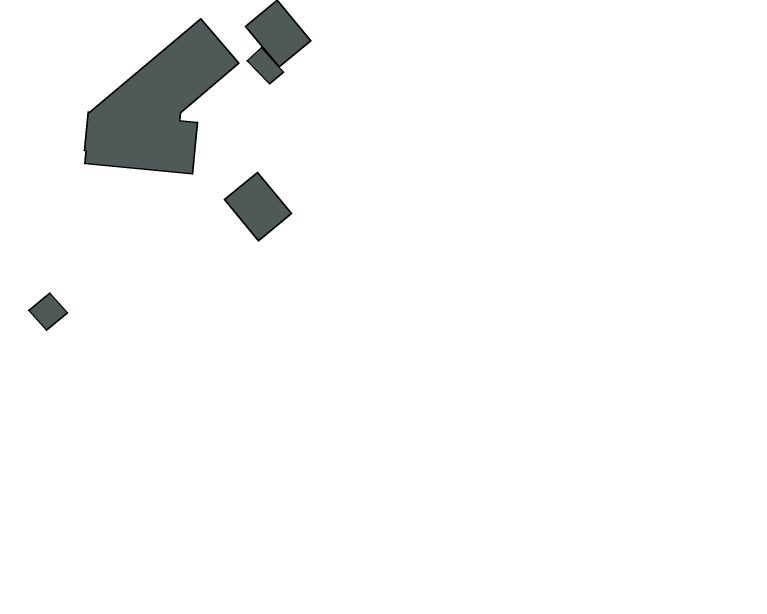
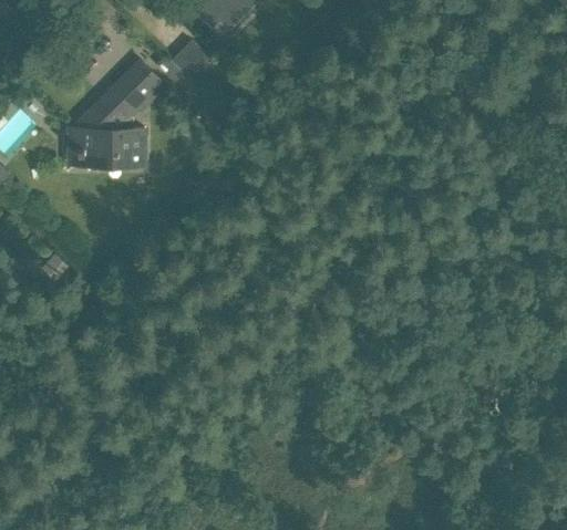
building: [225,172,291,241] -> none

